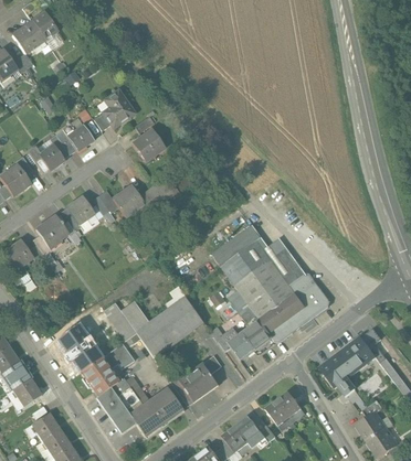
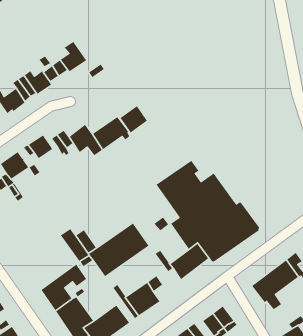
building: [133,129,165,161] -> [120,105,148,133]
building: [57,325,101,372] -> none

